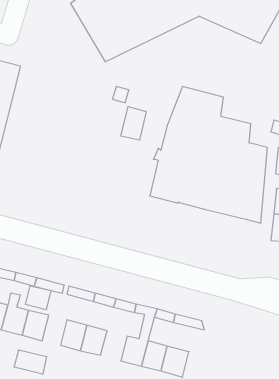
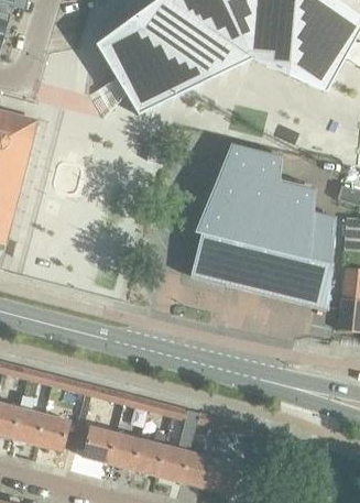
building: [121,106,146,140] -> none
building: [26,286,51,310] -> none
building: none -> [131,438,163,474]
building: [14,350,47,374] -> none

